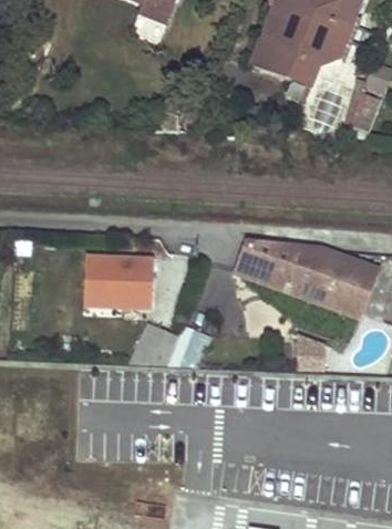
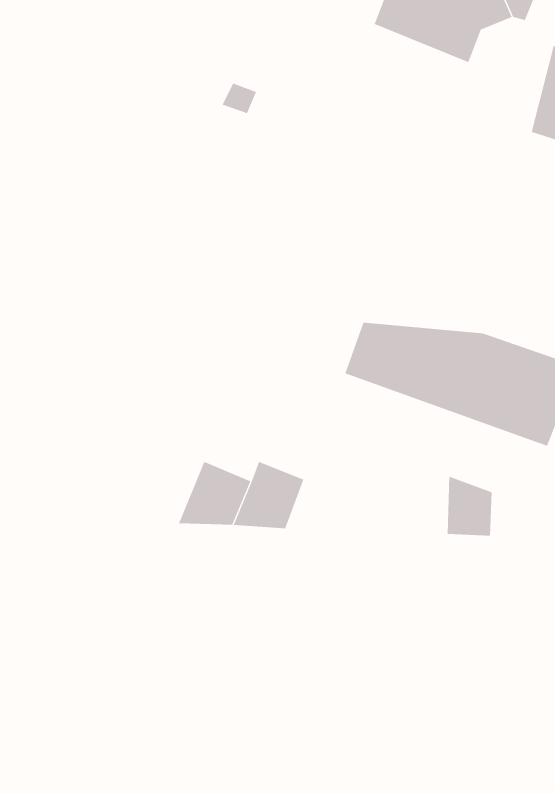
building: [85,260,149,308] -> none

